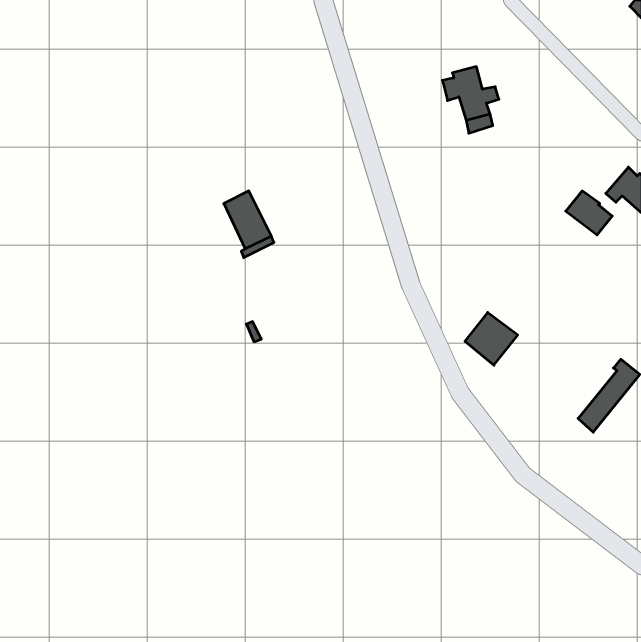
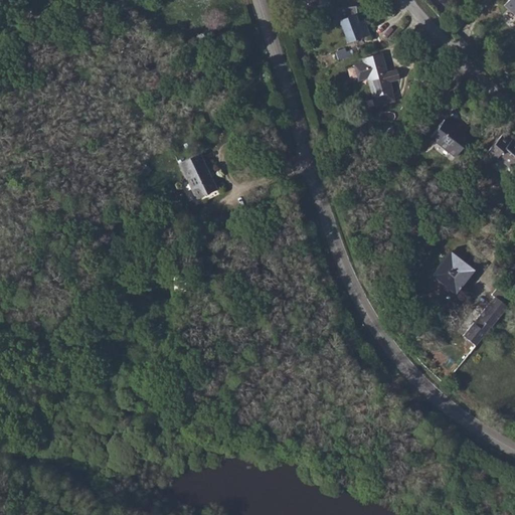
building: none -> [332,6,370,42]
building: [566,191,612,235] -> [432,120,469,155]
building: [465,312,518,365] -> [433,251,475,294]

